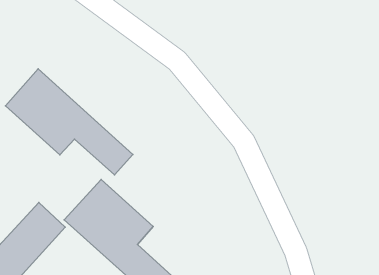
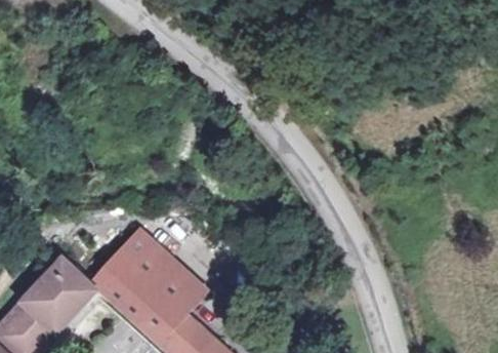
building: [5,69,133,175] -> none

